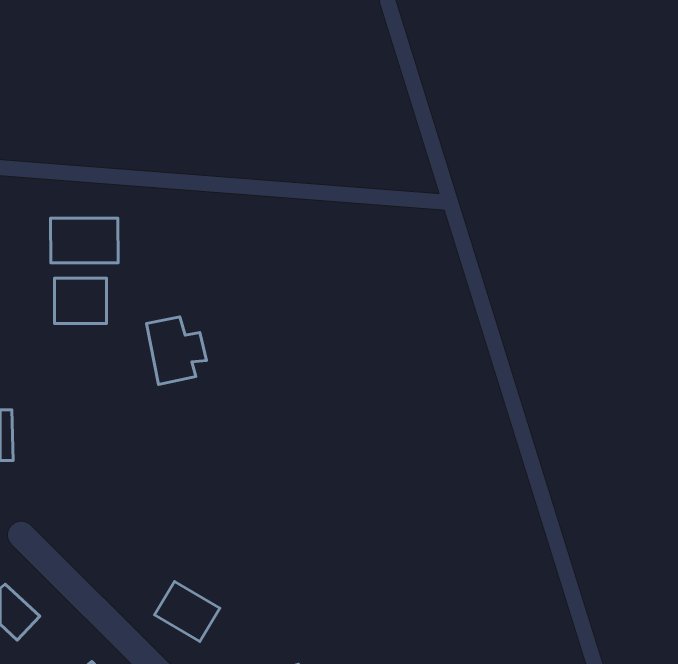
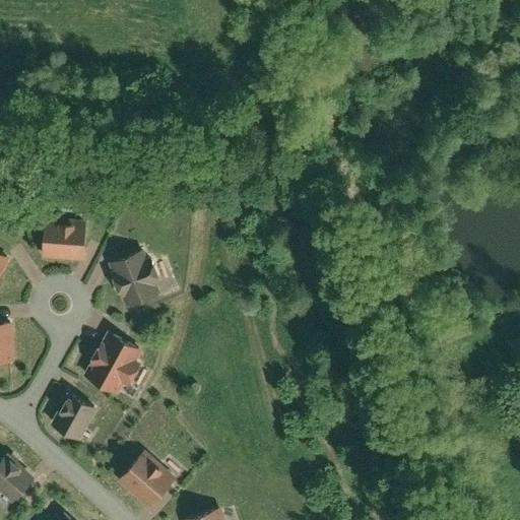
building: [51,218,118,263] -> none
building: none -> [88,336,140,391]
building: none -> [55,396,92,440]

